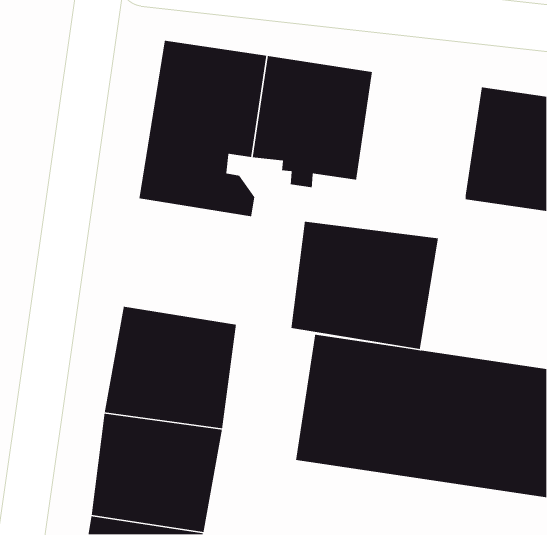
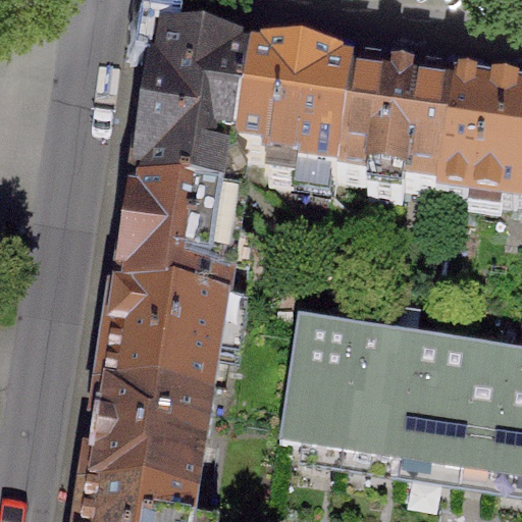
building: none -> [336,67,454,191]
building: none -> [116,188,238,306]
building: [290,221,439,350] -> none

